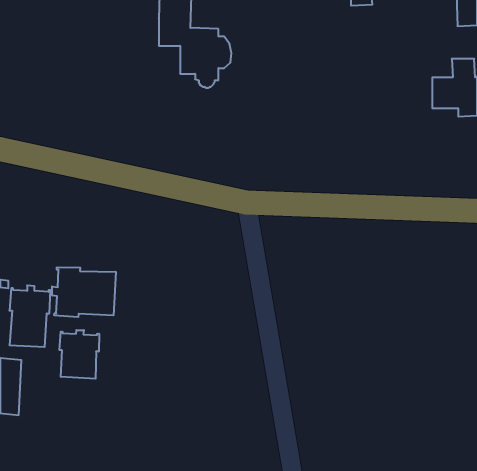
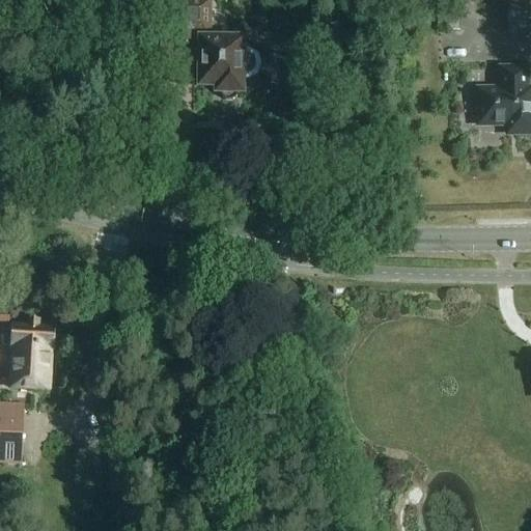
building: [52,267,116,317] -> none
building: [59,330,99,379] -> none

